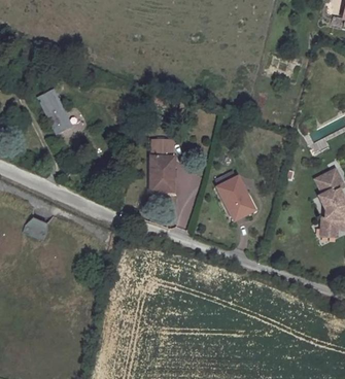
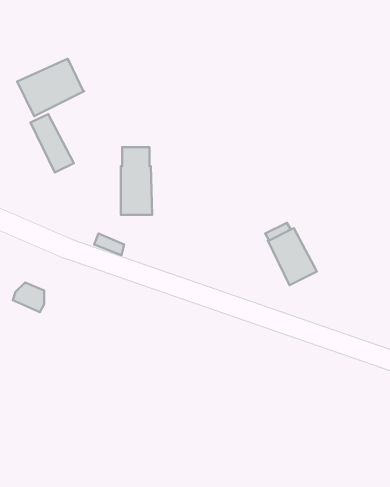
building: none -> [17,59,84,116]
building: [150,139,174,191] -> [121,147,152,215]

